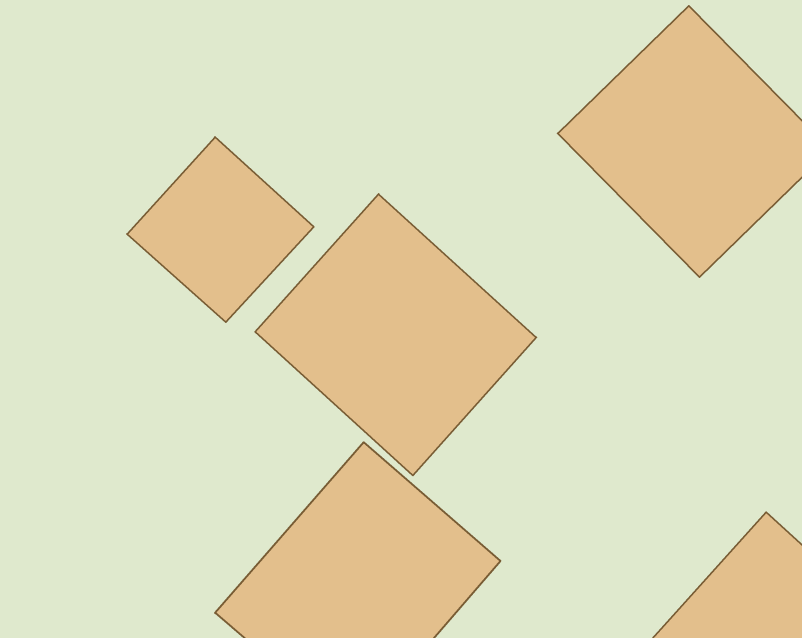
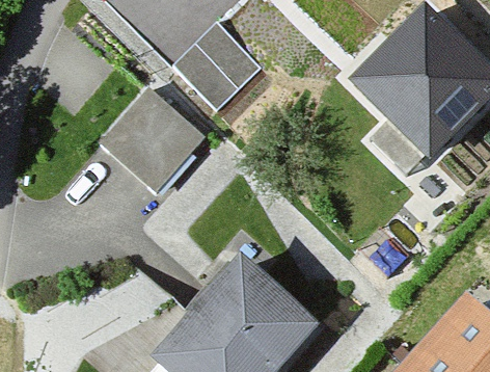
building: none -> [174,19,260,104]
building: [255,194,536,475] -> none

